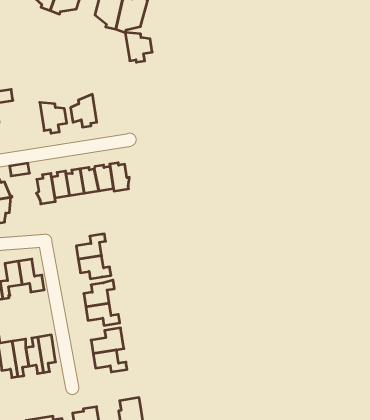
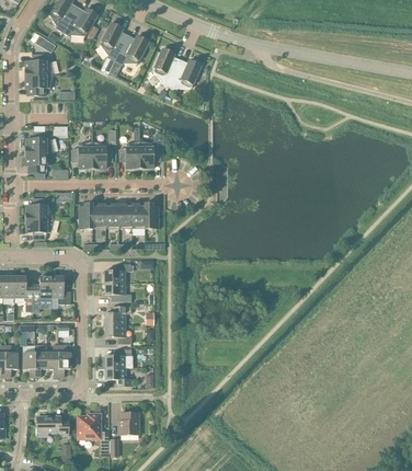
building: [125,33,152,62] -> [139,140,160,168]
building: none -> [71,139,92,169]

